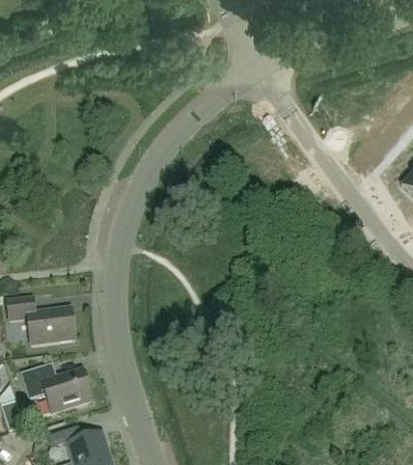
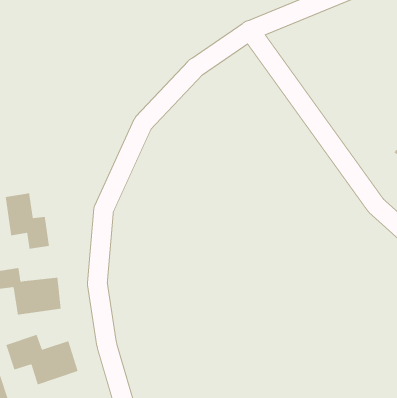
building: none -> [5,192,50,250]

